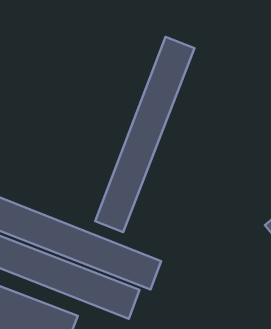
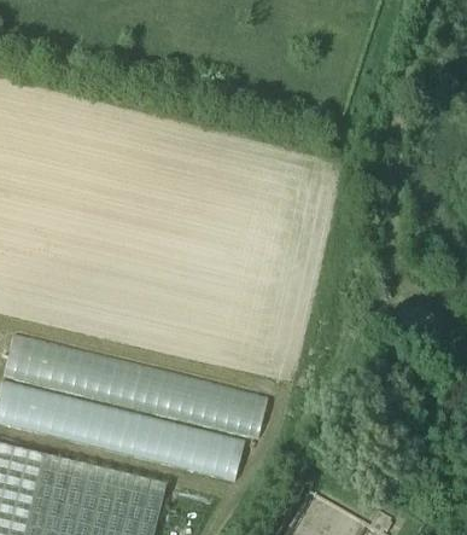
building: [95,37,194,232] -> none

